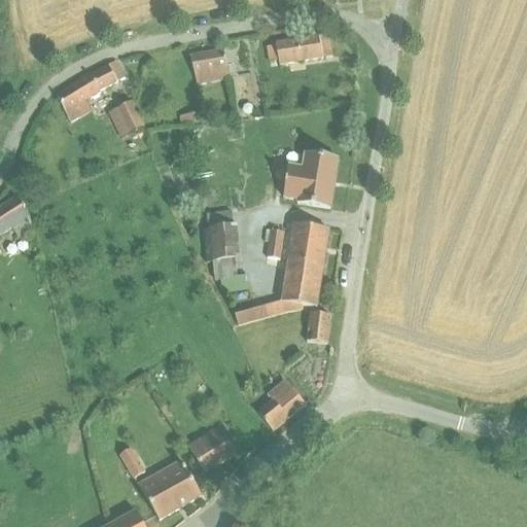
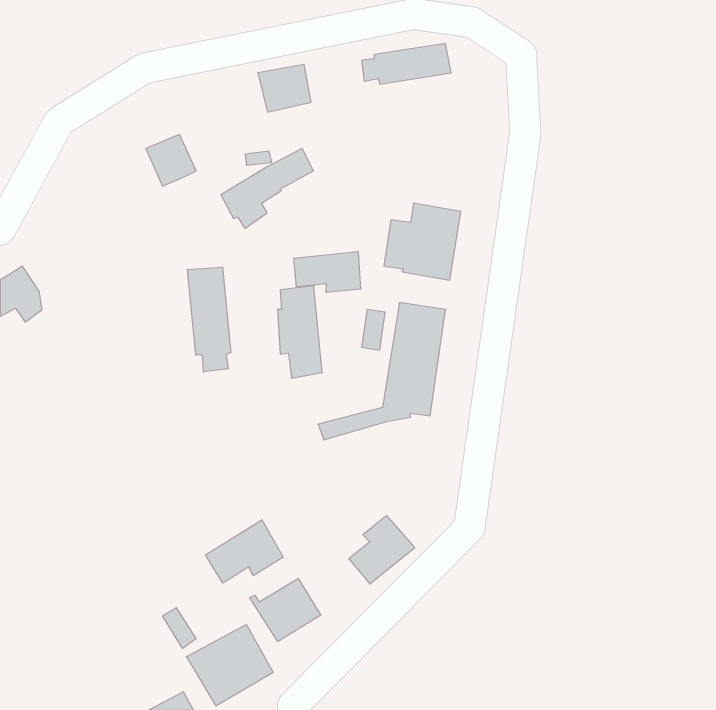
building: [56,59,124,117] -> [221,149,313,228]
building: none -> [294,251,361,293]
building: none -> [187,267,231,372]
building: [306,311,329,342] -> none
building: none -> [206,520,283,583]

